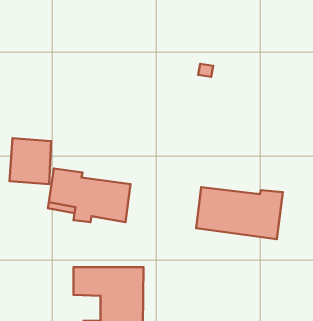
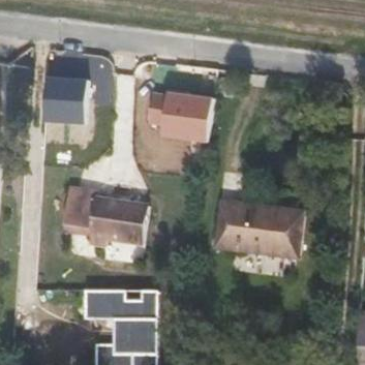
building: none -> [148,92,213,145]
building: [9,138,51,184] -> [44,75,88,123]

